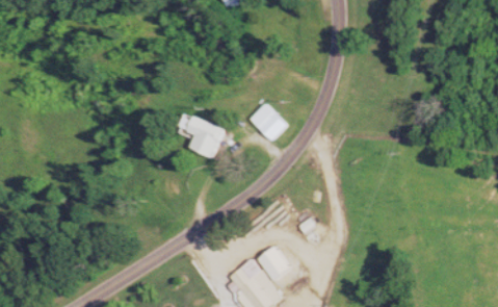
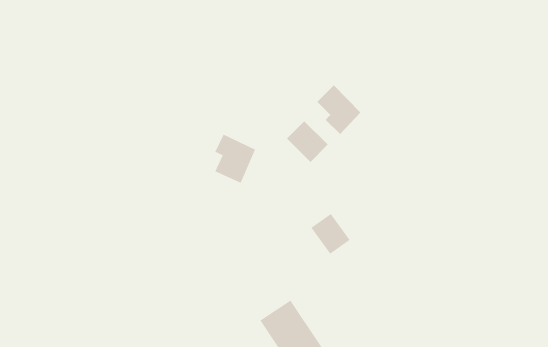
building: none -> [317,85,361,135]
building: [258,245,292,280] -> [311,213,351,254]

